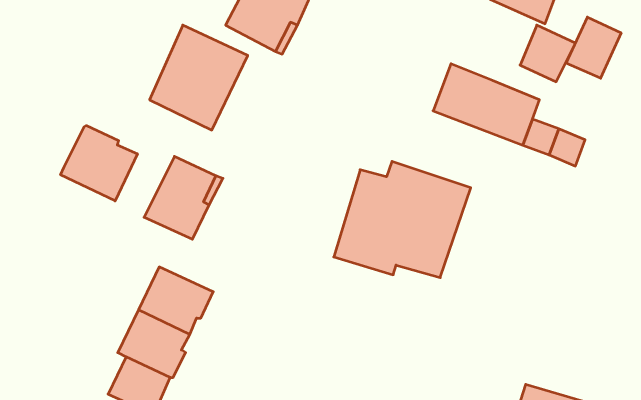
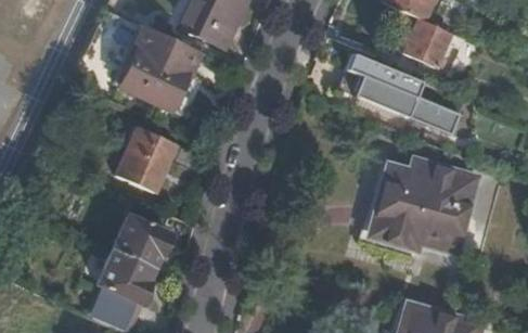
building: [566,17,621,78] -> none
building: [61,126,137,201] -> none
building: [334,161,471,278] -> [374,161,481,252]

